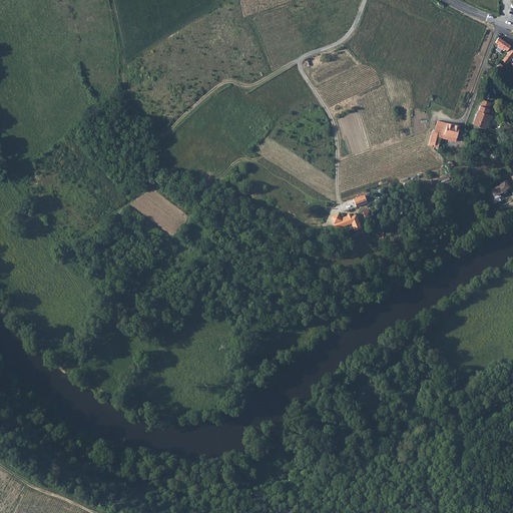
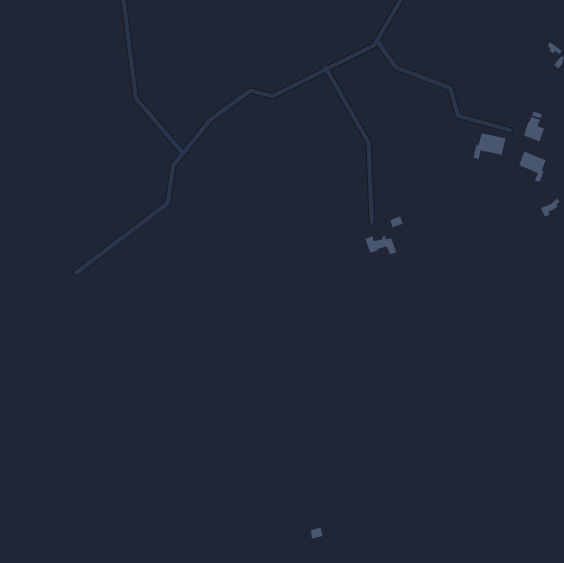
building: none -> [518,150,546,183]

